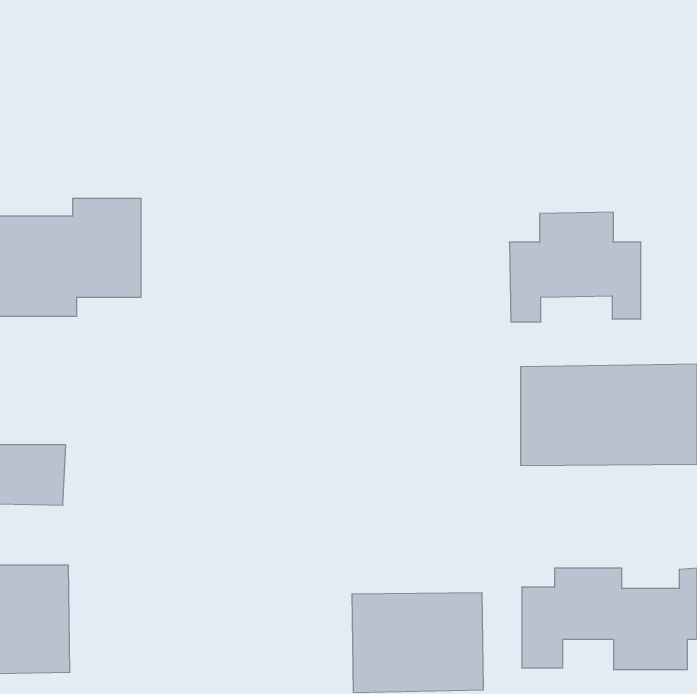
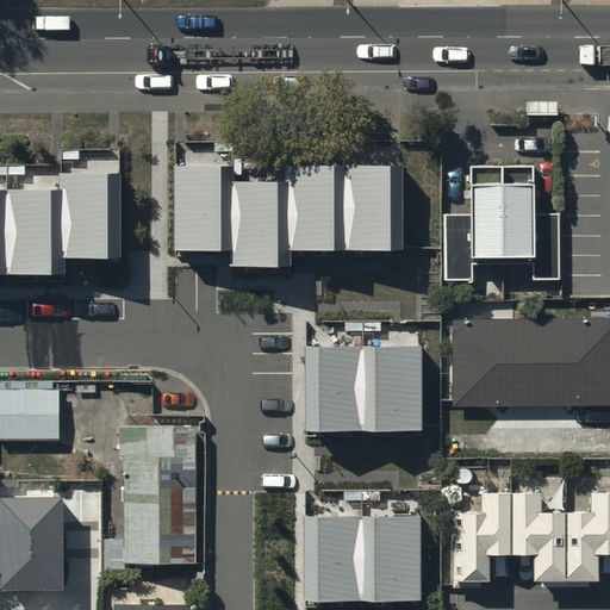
building: none -> [175,163,404,266]
building: none -> [305,346,424,432]
building: none -> [119,424,197,562]

